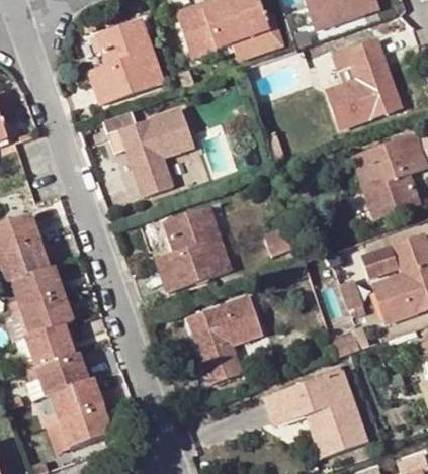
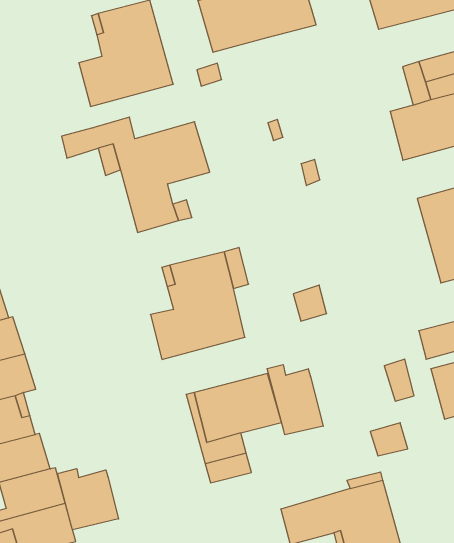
building: [231,14,283,61] -> none
building: none -> [267,365,323,435]
building: none -> [57,469,119,530]

